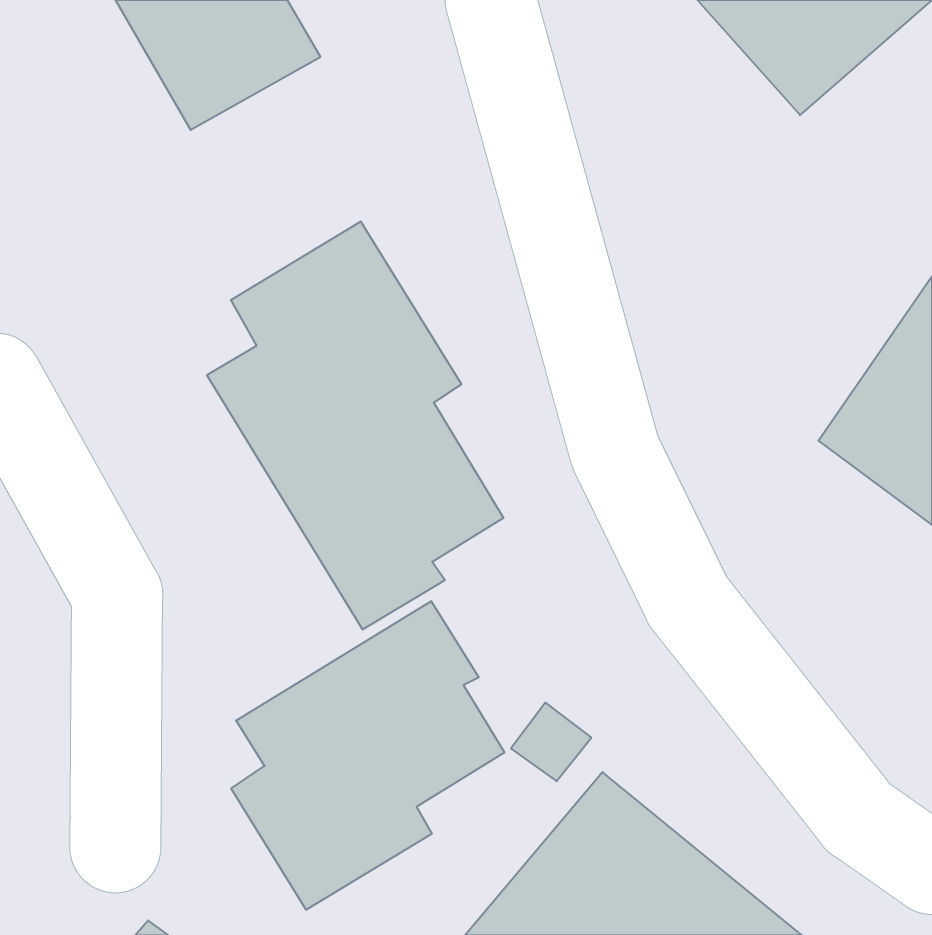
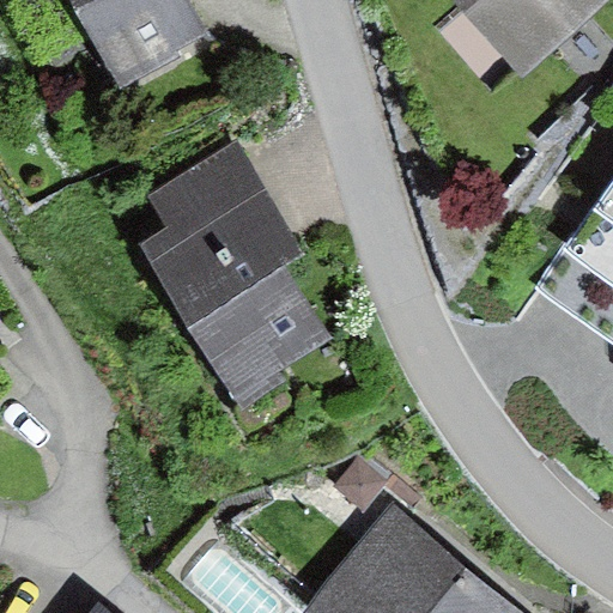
building: [231,601,504,910] -> none

